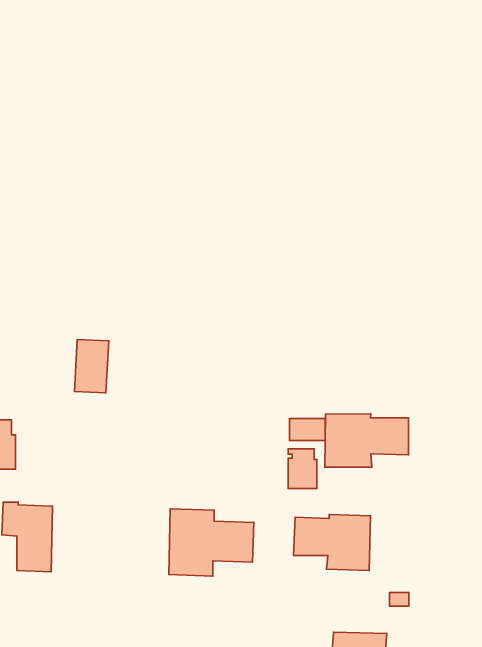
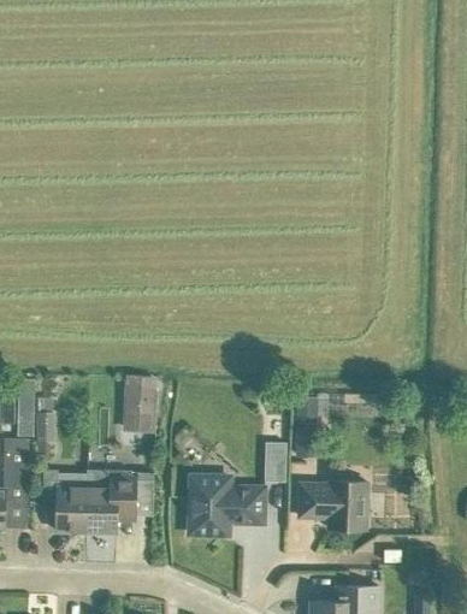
building: [74,339,109,393] -> [124,384,154,431]
building: [325,414,409,467] -> none
building: none -> [265,442,286,482]
building: none -> [87,468,138,531]

